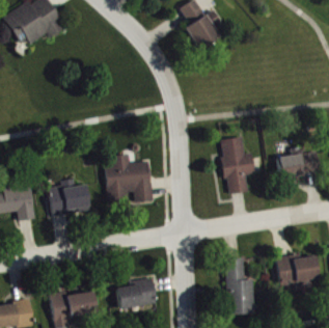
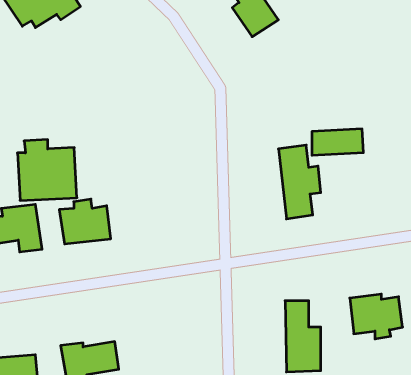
building: [279,154,320,174] -> [312,129,363,155]
building: [106,155,153,202] -> [17,140,77,200]
building: [116,279,157,309] -> none

